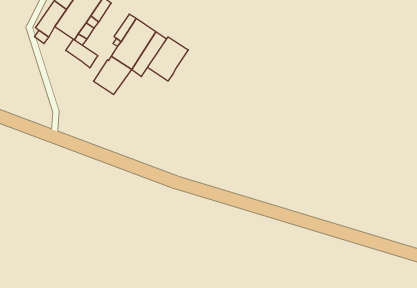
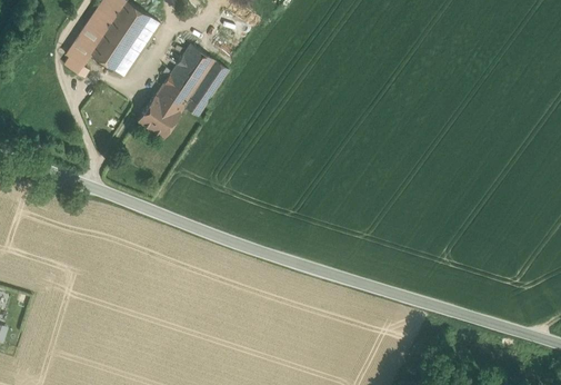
building: [148,37,188,81] -> none
building: [66,39,98,68] -> none

